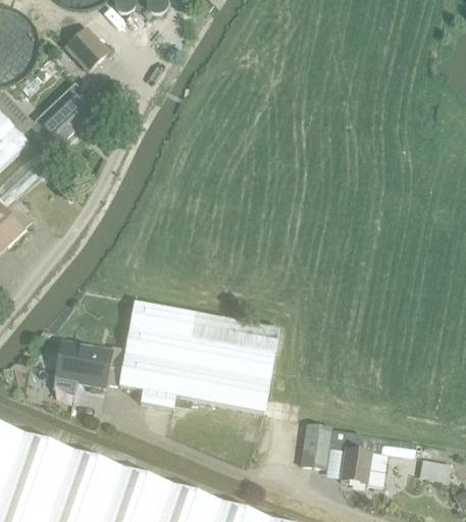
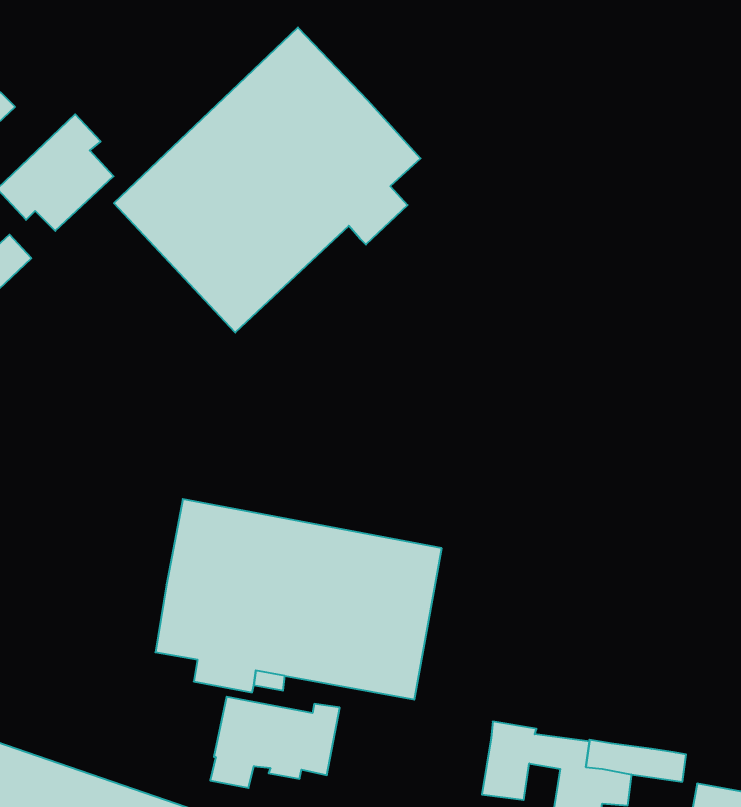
building: [66,30,109,72] -> none
building: none -> [114,27,421,333]
building: [53,342,125,393] -> [210,697,340,788]

